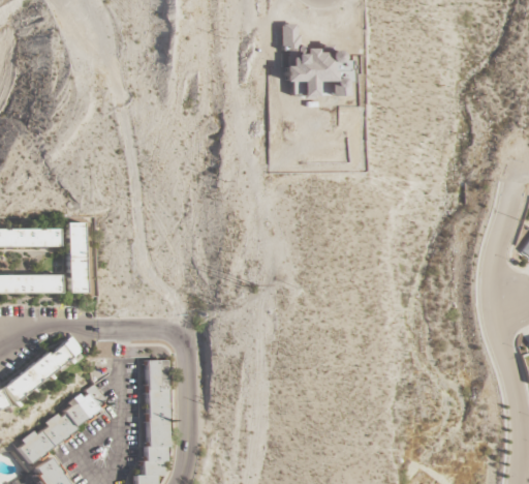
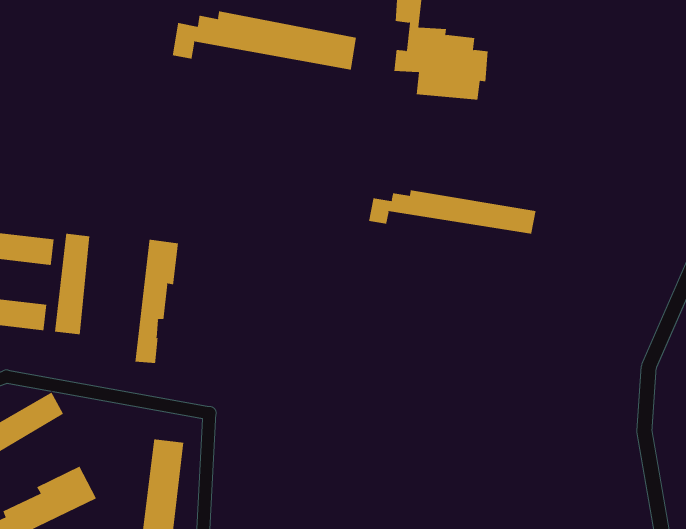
building: none -> [172,11,357,71]
building: none -> [369,190,536,234]
building: none -> [135,239,179,364]

